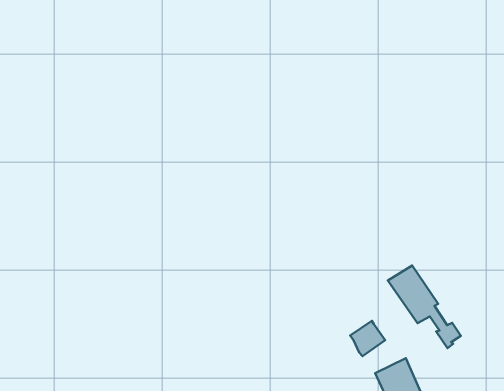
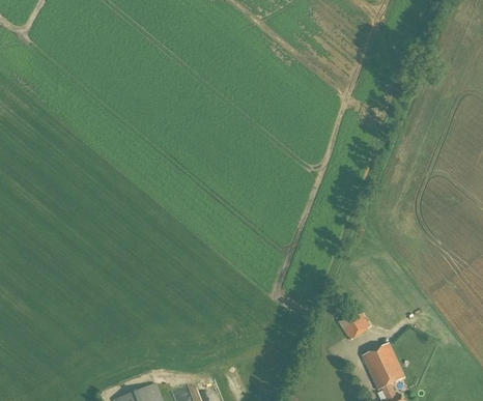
building: [388,266,461,348] -> none

